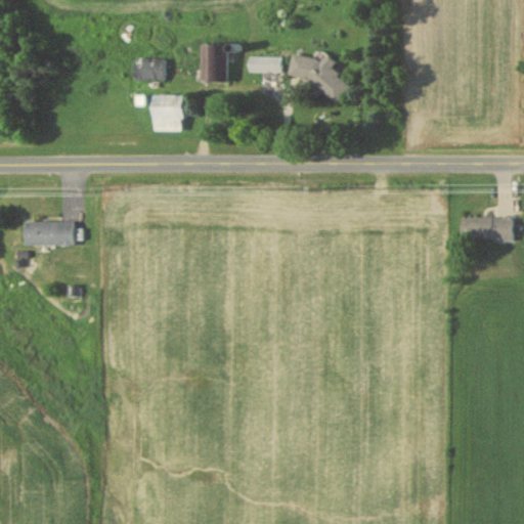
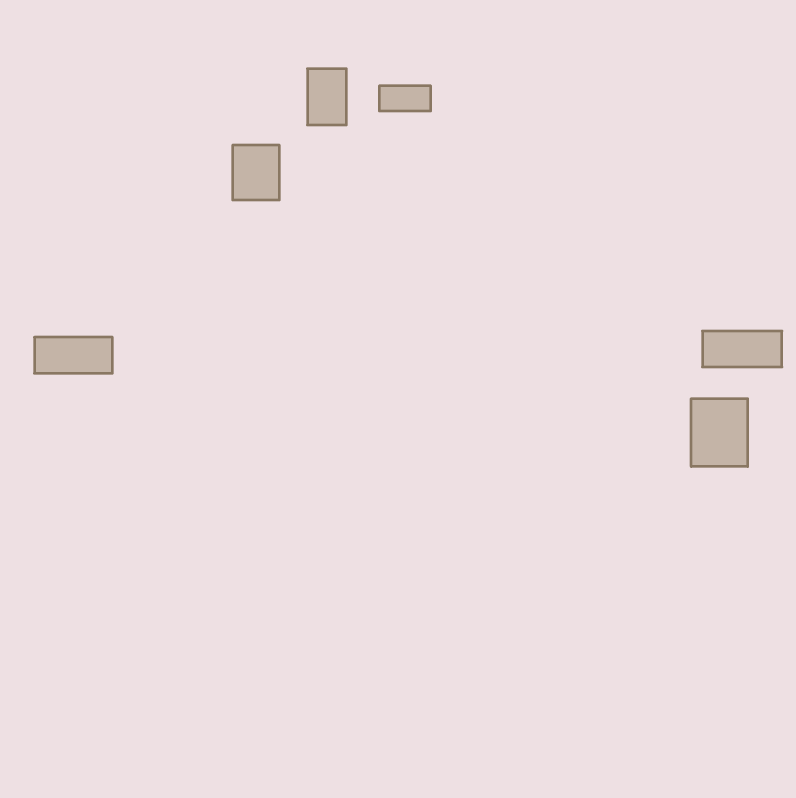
building: [288,53,347,93] -> none
building: [134,58,165,80] -> none
building: none -> [691,399,748,467]

